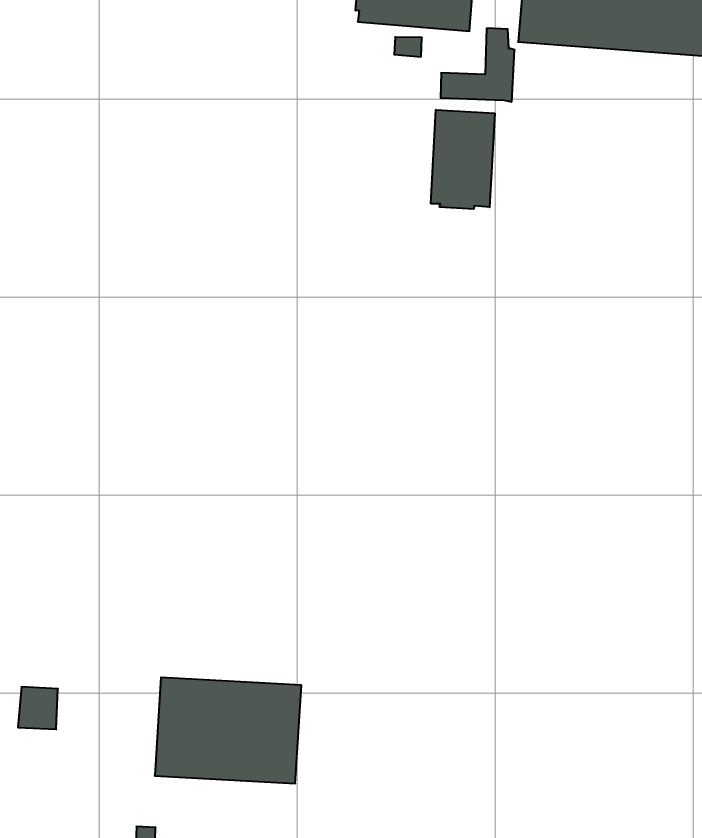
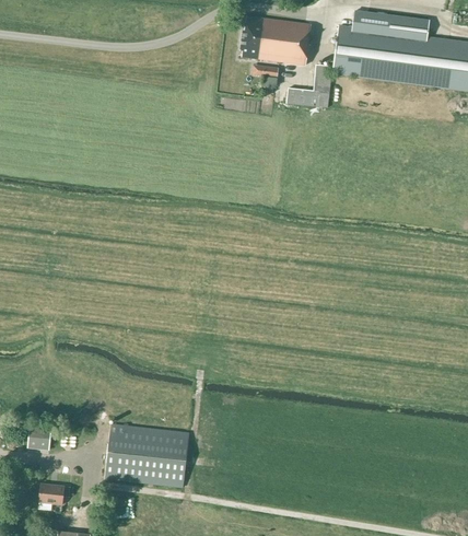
building: [431,110,495,209] -> none
building: none -> [38,482,66,505]

